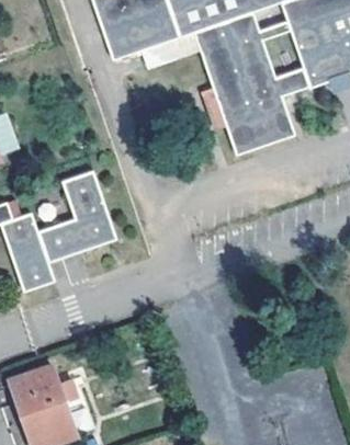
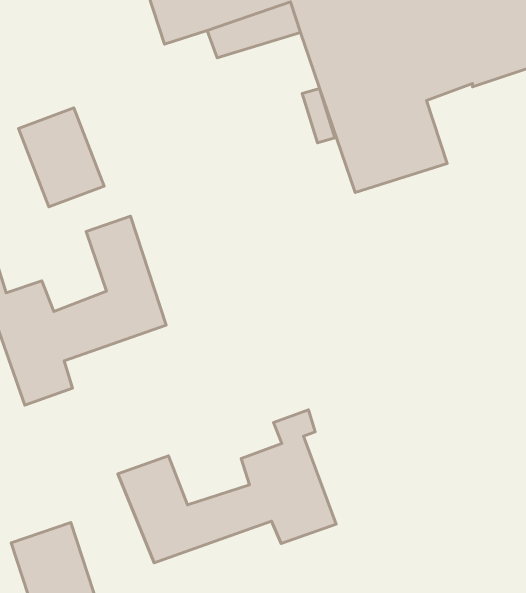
building: none -> [19,108,104,207]
building: none -> [118,410,336,563]

